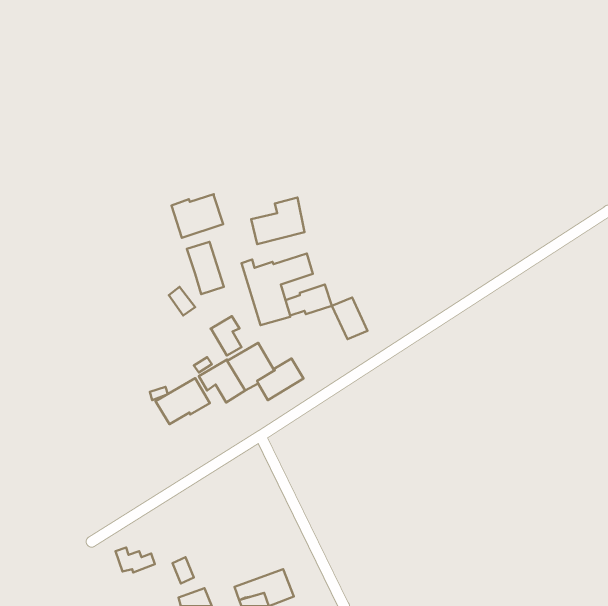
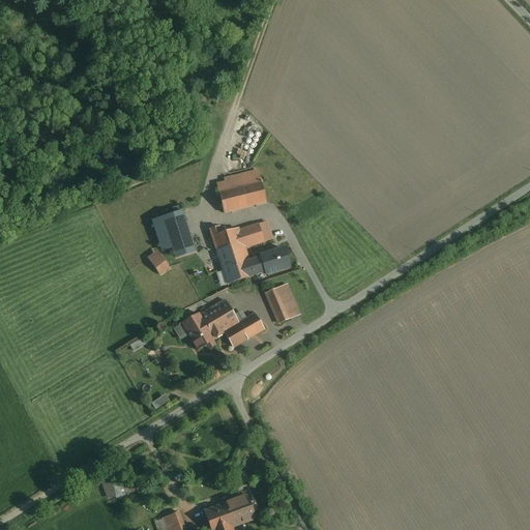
building: [172,194,223,238] -> none
building: [332,298,368,339] -> [266,286,297,322]
building: [211,316,242,355] -> none
building: [155,378,210,424] -> none

